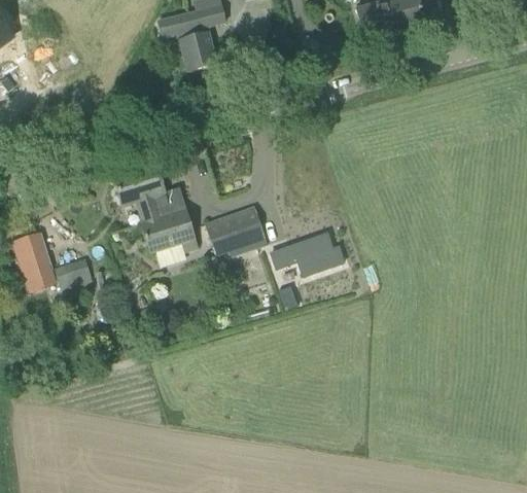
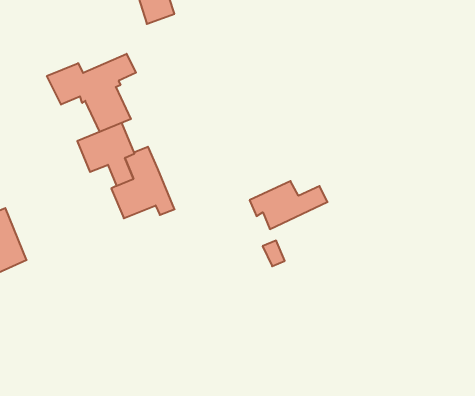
building: none -> [47,54,136,132]
building: [205,206,269,261] -> none
building: [55,259,92,289] -> none

